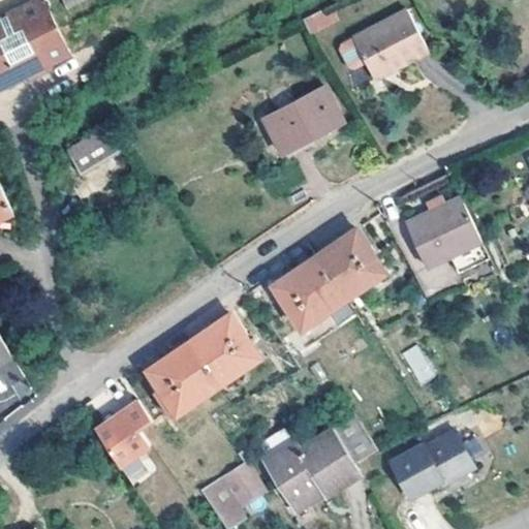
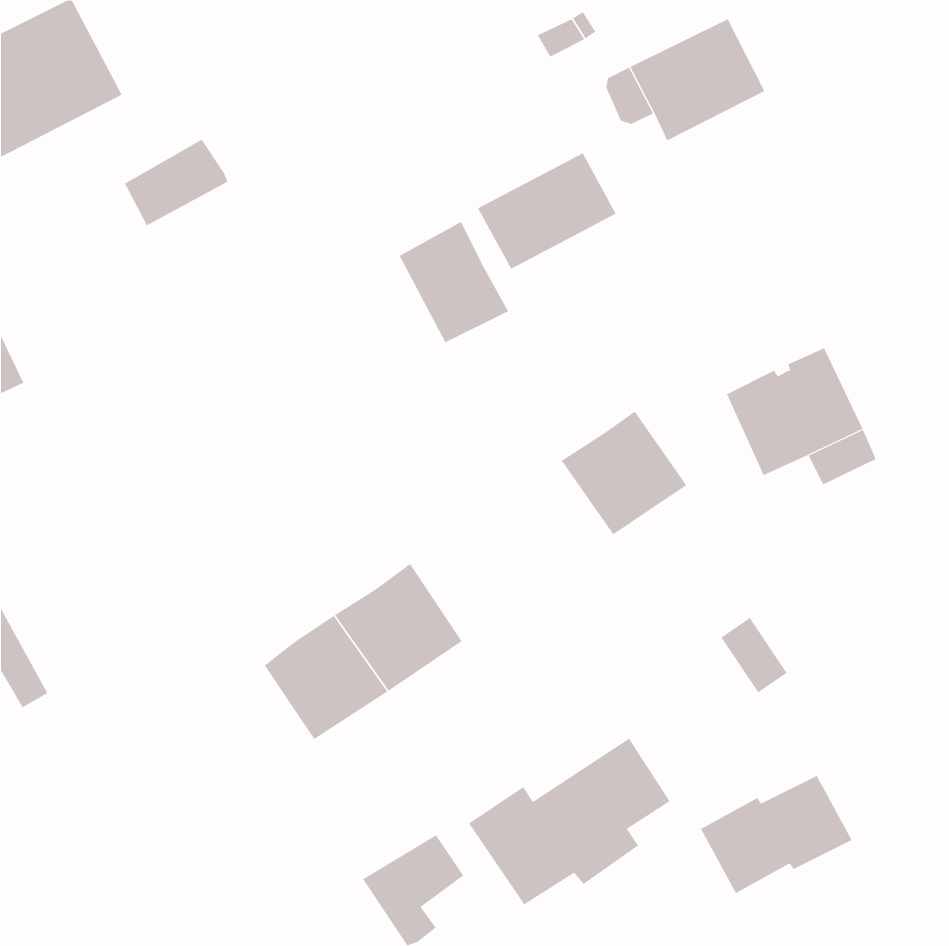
building: [67,125,125,174] -> [124,139,228,226]
building: none -> [399,221,509,343]
building: [271,258,341,328] -> none
building: [95,401,151,466] -> none

